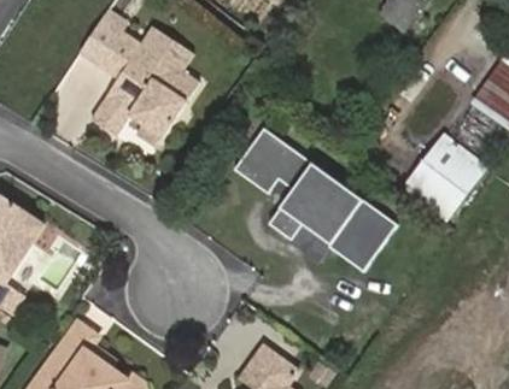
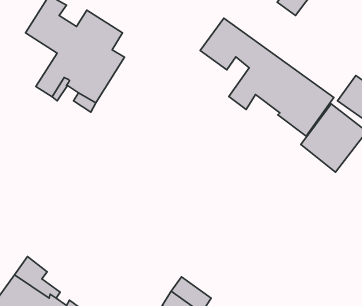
building: [236,130,394,270] -> [200,18,334,136]

